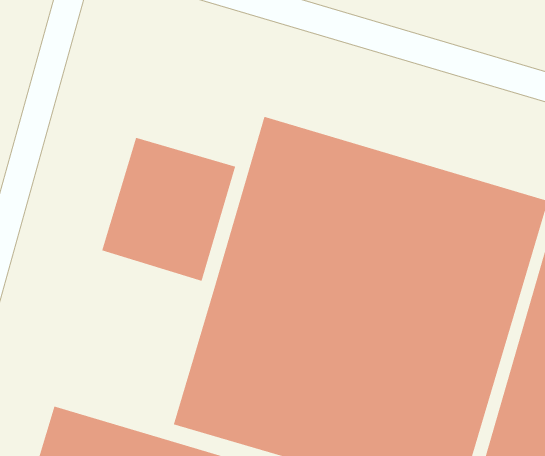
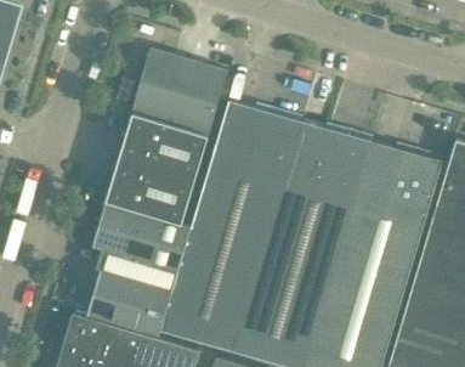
building: none -> [132,47,227,135]
building: none -> [85,204,191,337]

